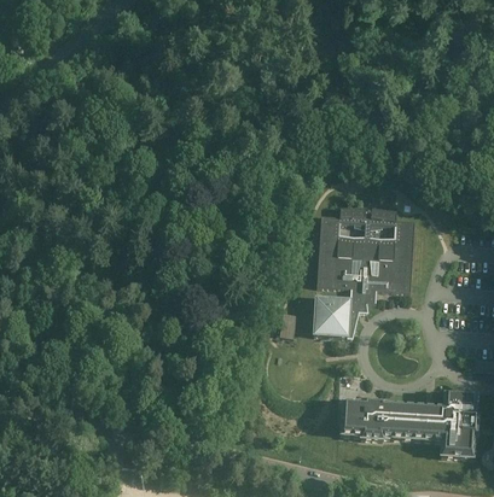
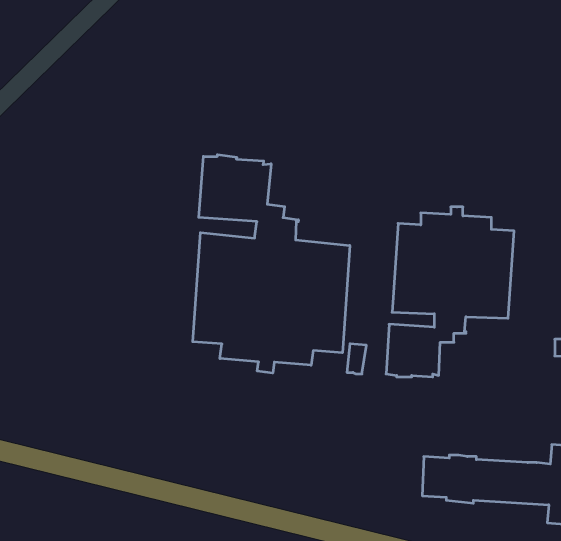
building: none -> [193,155,350,373]

